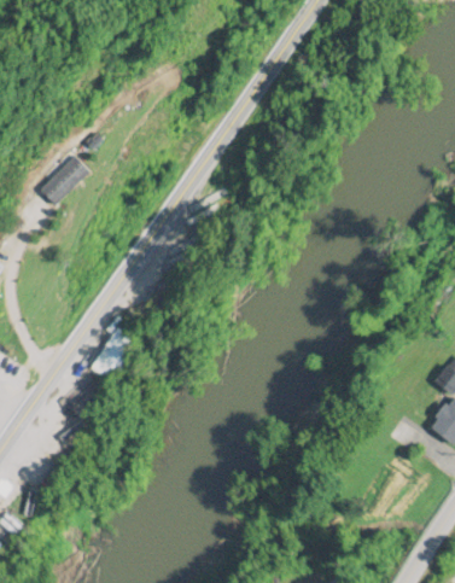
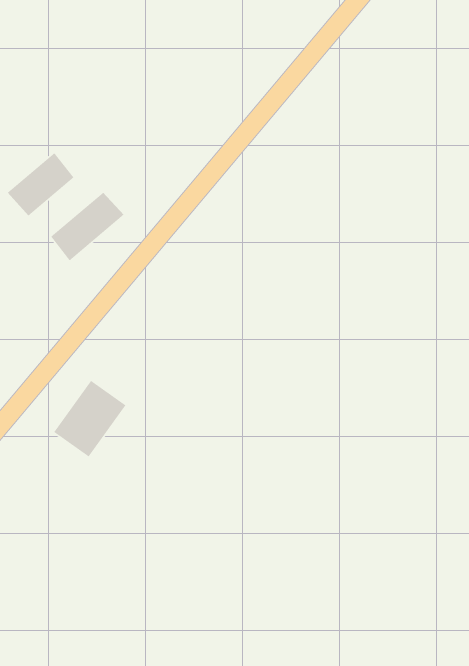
building: none -> [50,192,125,261]

